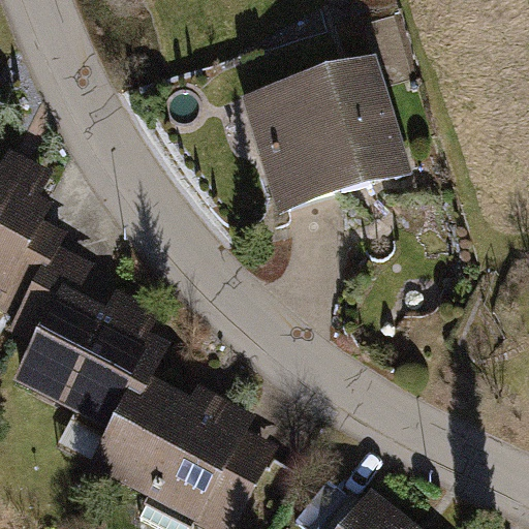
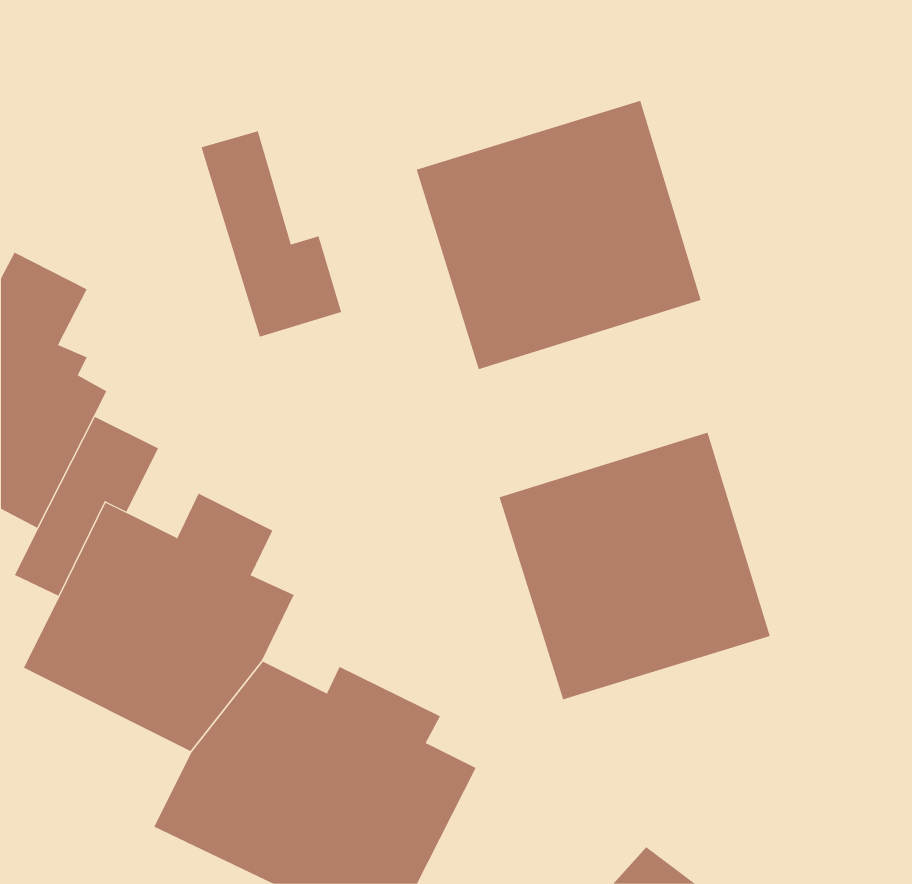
building: none -> [201,131,342,337]
building: none -> [499,432,771,700]

